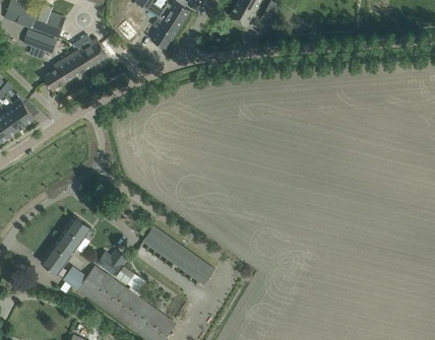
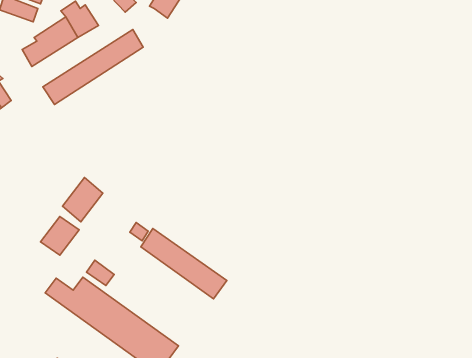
building: none -> [43,30,143,104]
building: none -> [62,177,103,222]
building: [41,237,75,274] -> none

